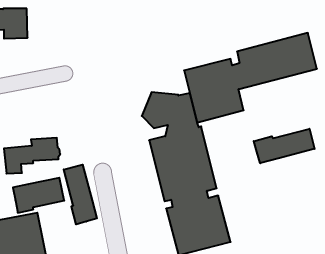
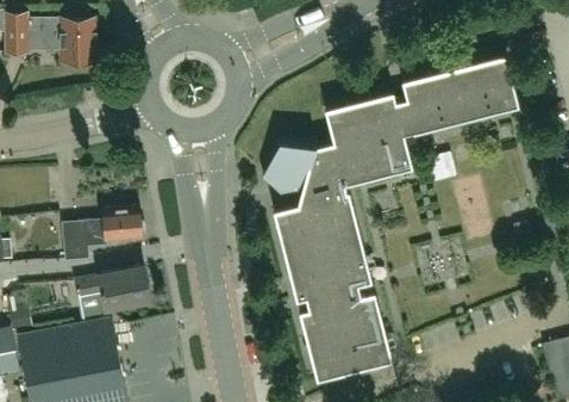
building: [254,129,315,163] -> none
building: [64,165,97,224] -> none

